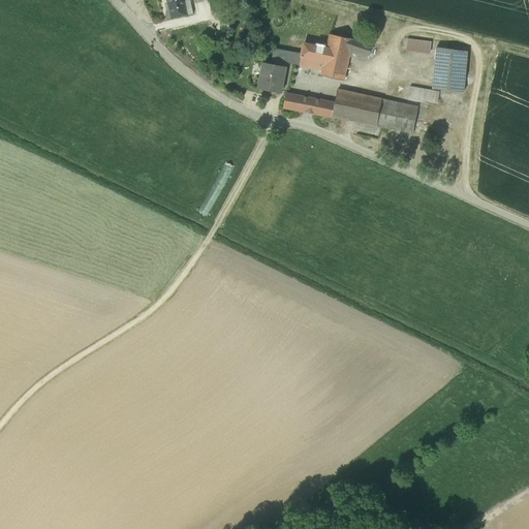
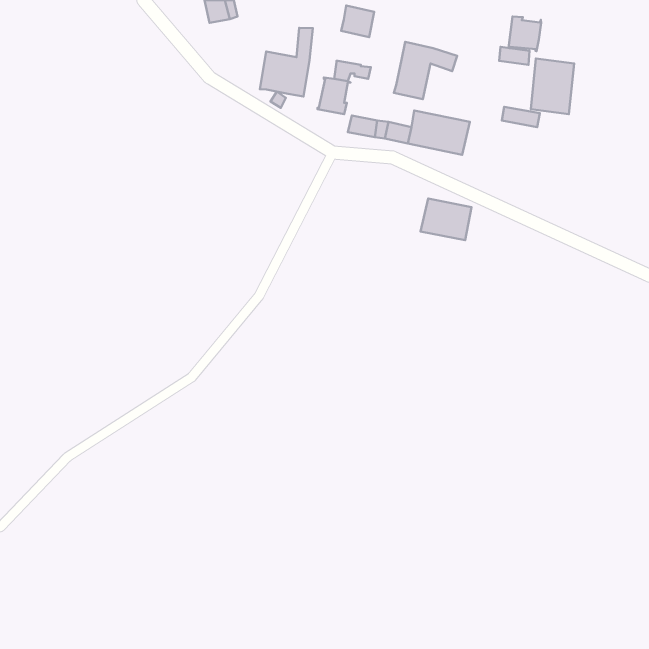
building: none -> [508,16,541,51]
building: none -> [260,28,313,97]
building: [300,43,326,69] -> [341,5,374,37]
building: [376,99,417,133] -> [421,198,471,240]

